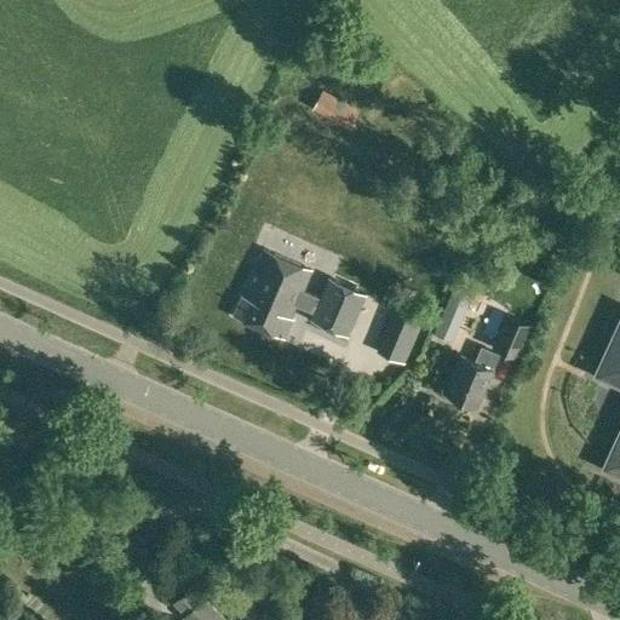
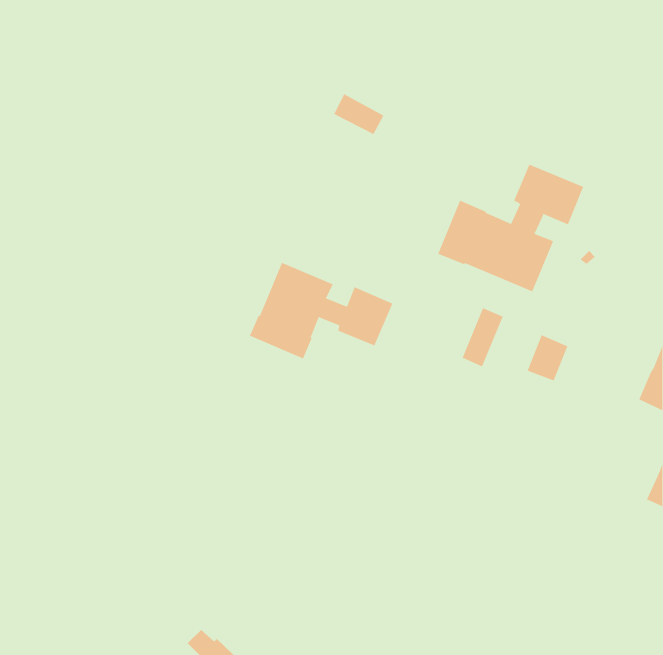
building: none -> [437,164,584,292]
building: [386,315,421,355] -> none
building: [446,352,496,412] -> none

